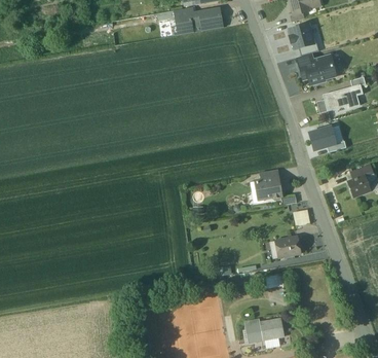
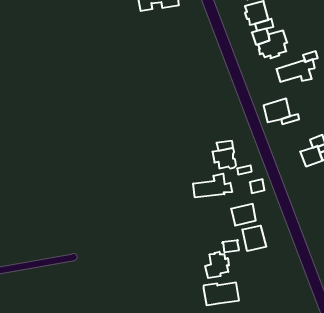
building: none -> [193,174,232,197]
building: none -> [242,226,266,251]
building: none -> [205,252,229,278]

